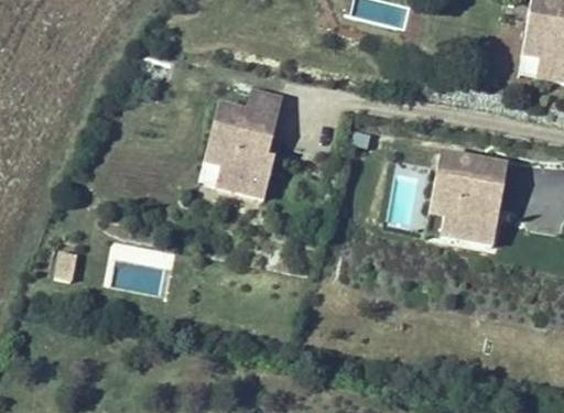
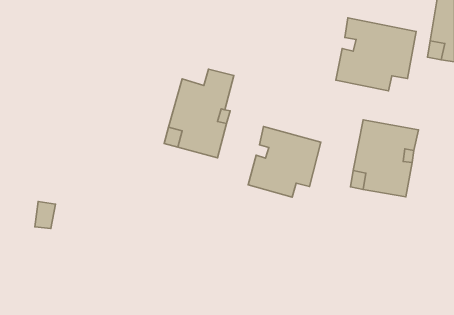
building: none -> [336,18,416,91]
building: none -> [248,127,321,197]

